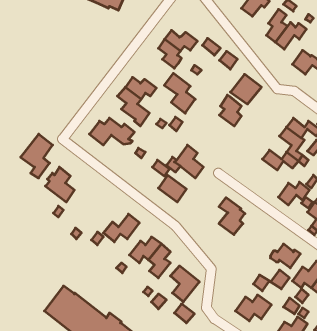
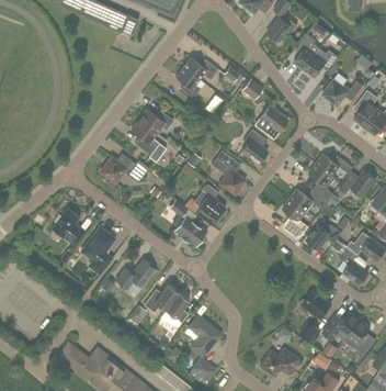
building: [164,73,195,113] -> [212,150,246,194]
building: [21,134,53,178] -> [80,225,115,273]
building: [219,198,245,235] -> [282,198,310,238]

